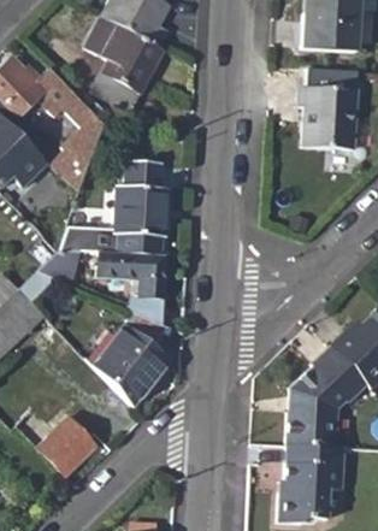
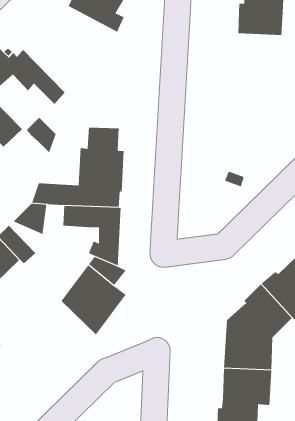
building: [84,14,164,113] -> none
building: [300,85,356,148] -> none
building: [37,414,98,474] -> none

